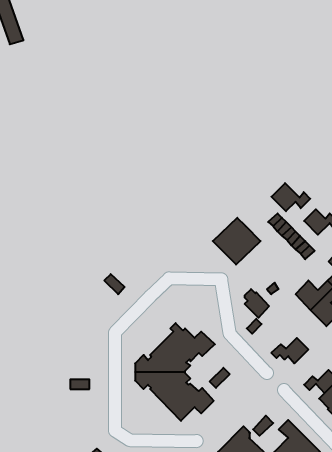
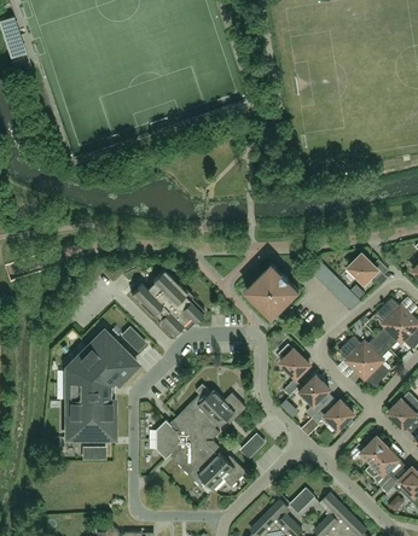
building: [271,183,310,211] -> none
building: none -> [130,270,204,337]
building: none -> [65,331,137,438]
building: none -> [300,377,329,418]

